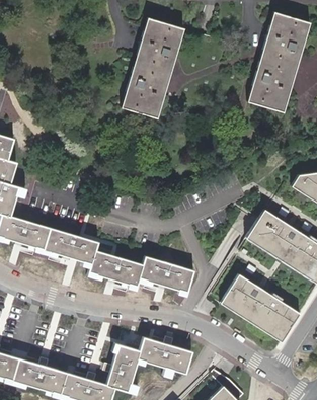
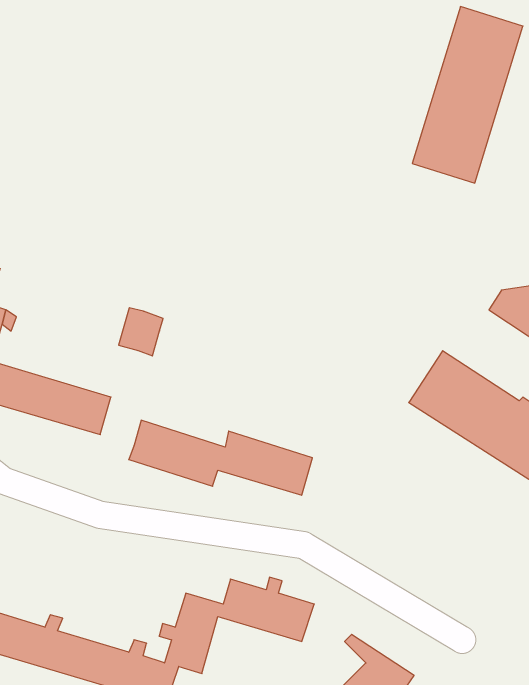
building: [122,19,183,119] -> none
building: [70,235,95,262] -> [119,308,163,356]
building: [219,273,300,342] -> none

